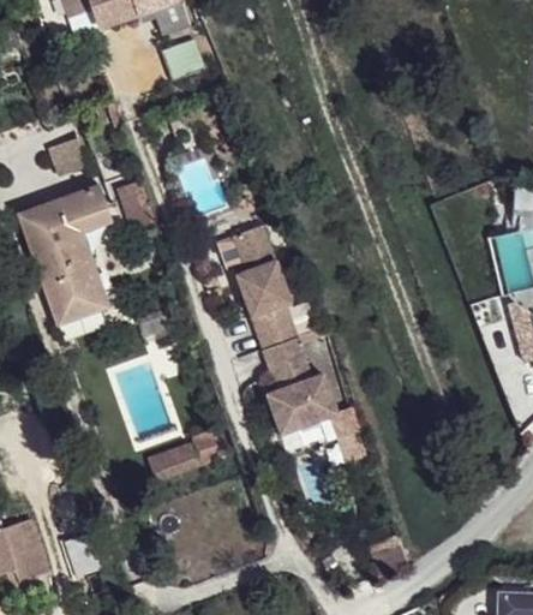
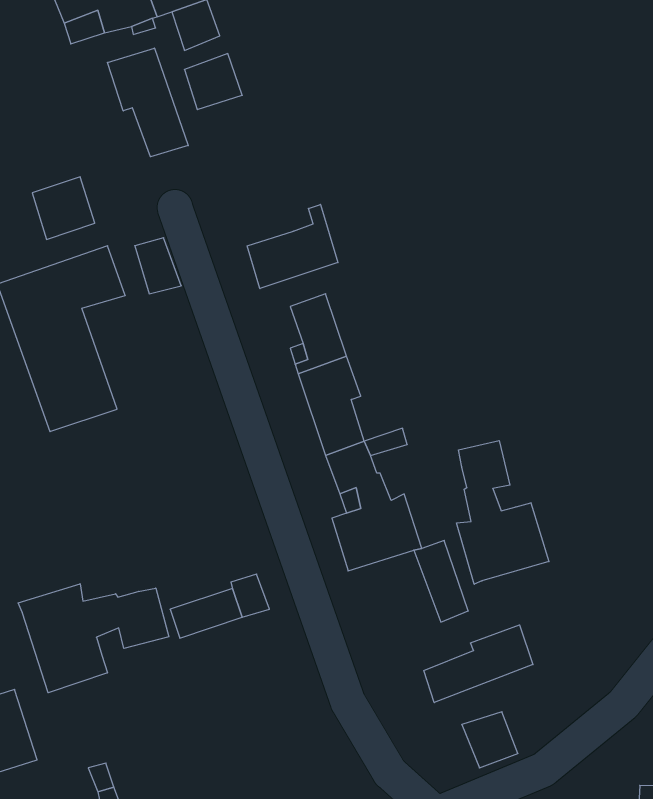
building: none -> [107,48,188,157]
building: none -> [247,204,338,289]
building: none -> [457,441,549,584]
building: none -> [18,584,169,693]
building: none -> [424,625,533,703]

